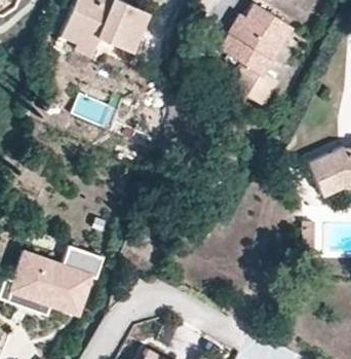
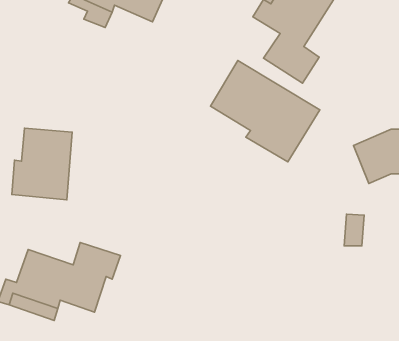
building: none -> [211,61,320,162]
building: none -> [12,128,72,200]

